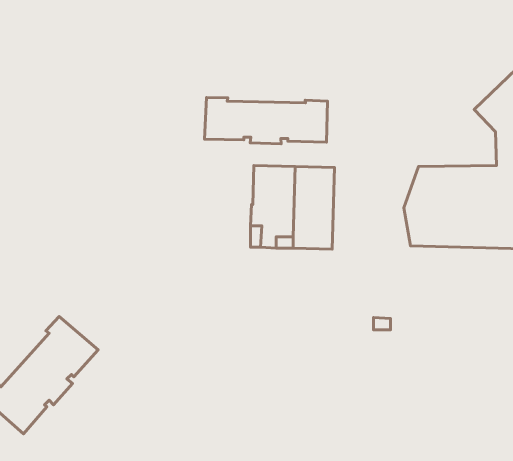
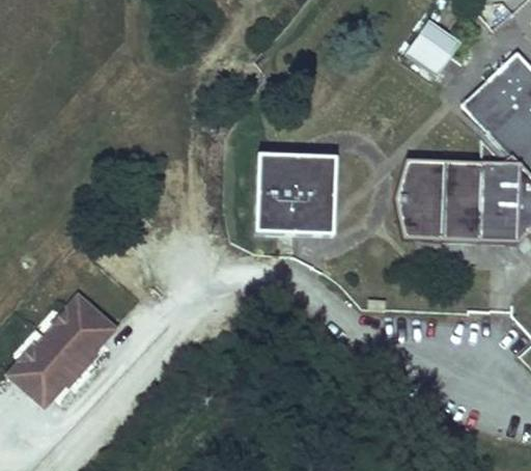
building: none -> [406,20,462,77]
building: [204,98,328,144] -> none

